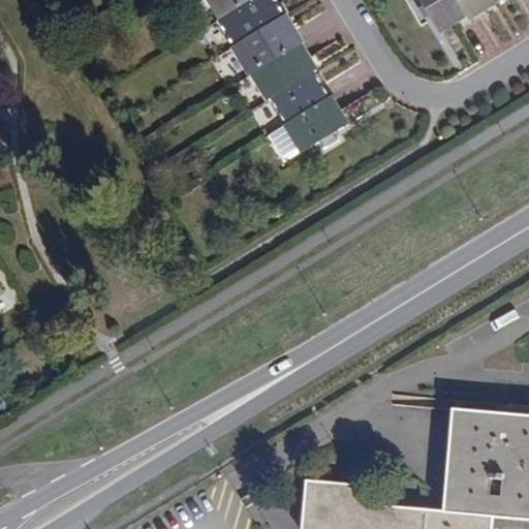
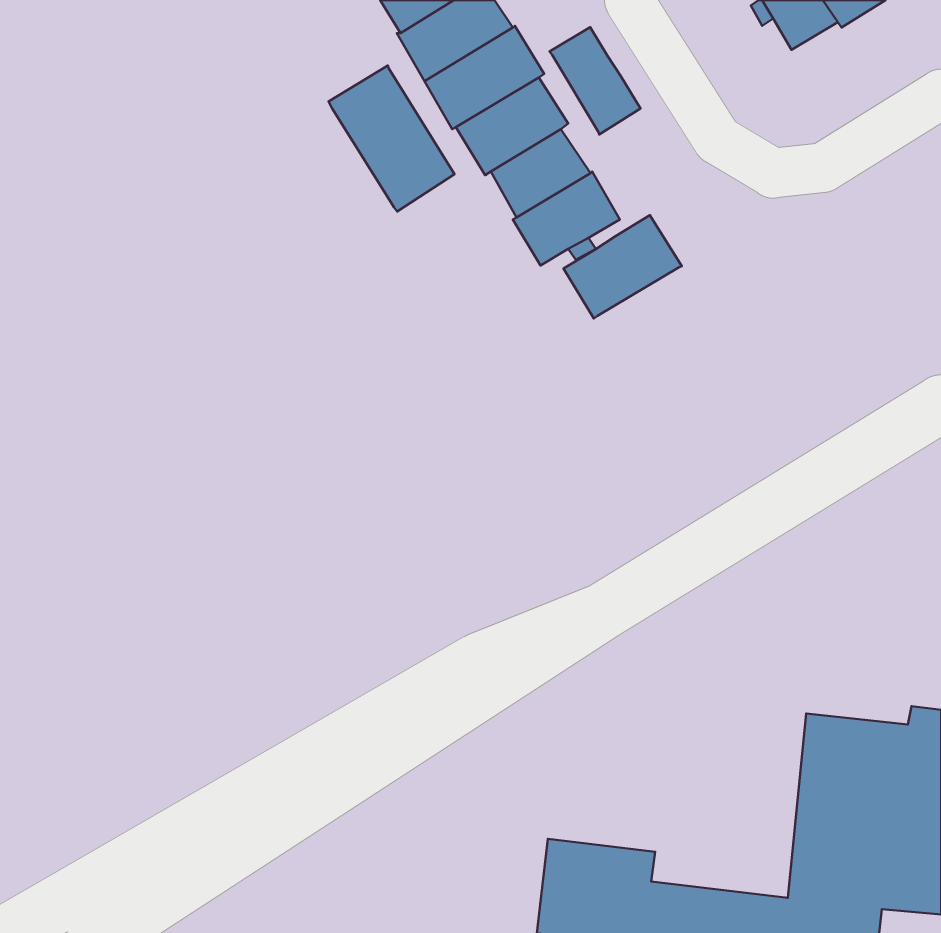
building: none -> [550,27,641,135]
building: none -> [328,65,454,211]
building: none -> [564,215,682,319]

